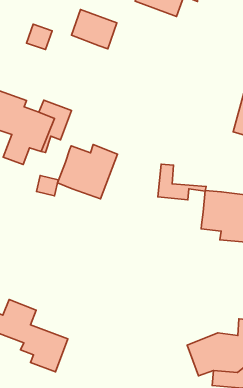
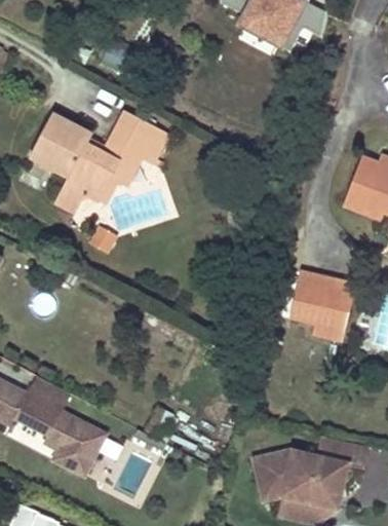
building: [72,9,117,49] -> [112,103,170,156]
building: [57,145,117,199] -> none
building: [158,164,206,200] -> none

